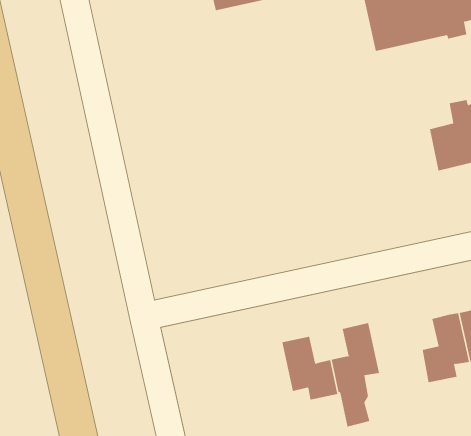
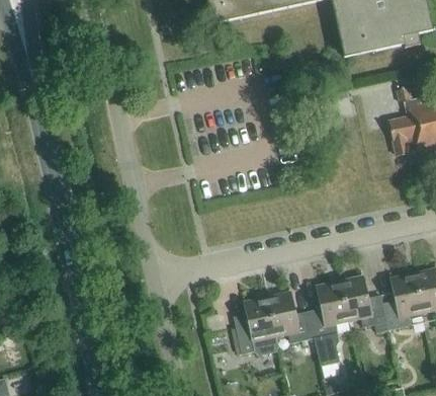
building: none -> [339,274,387,331]
building: none -> [233,296,278,355]

